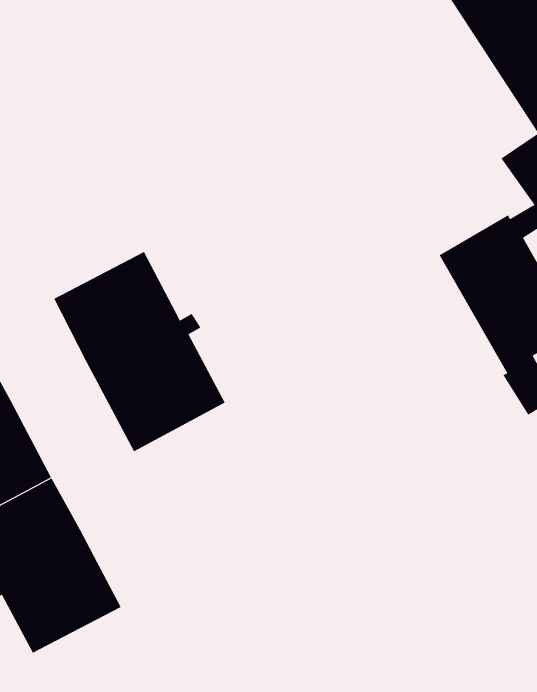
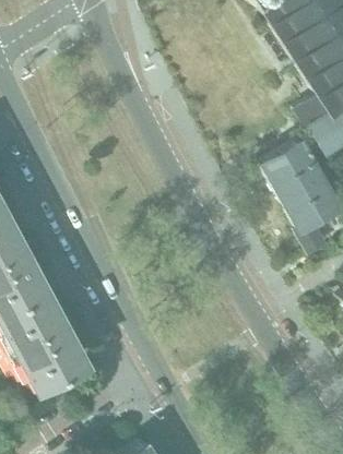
building: [54,251,225,452] -> none

